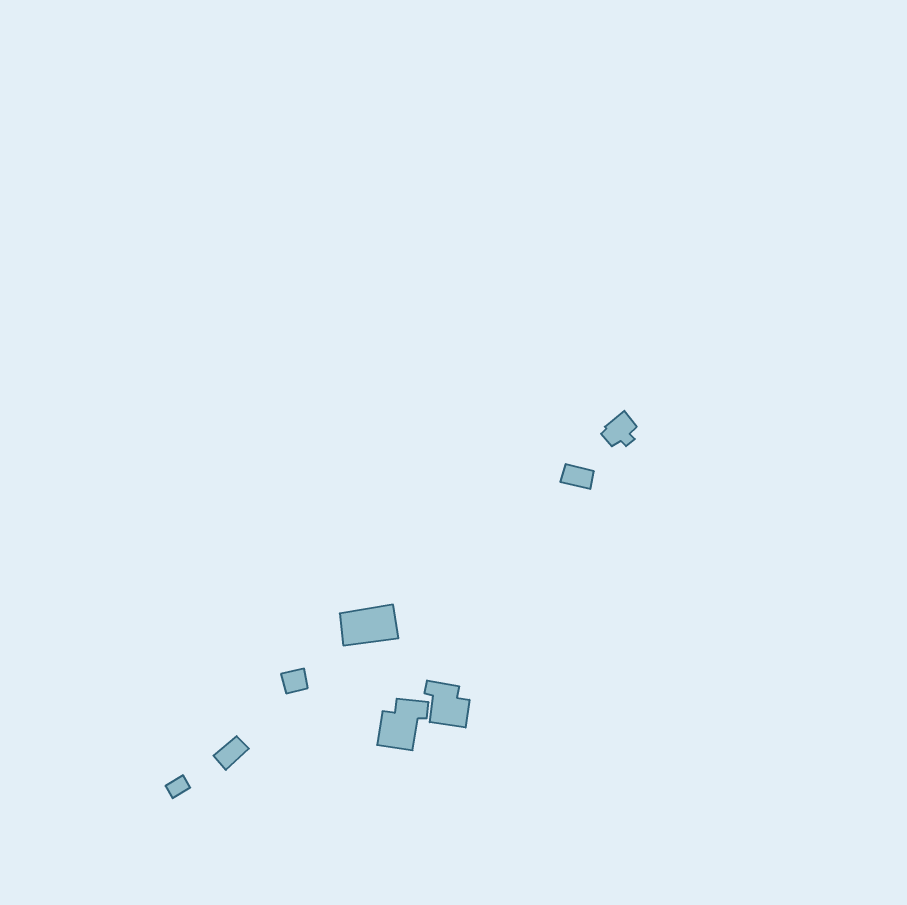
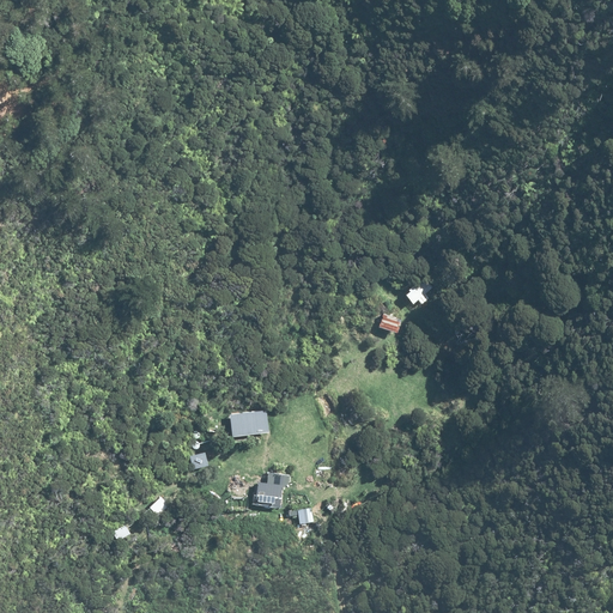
building: [425,680,469,728] -> none

